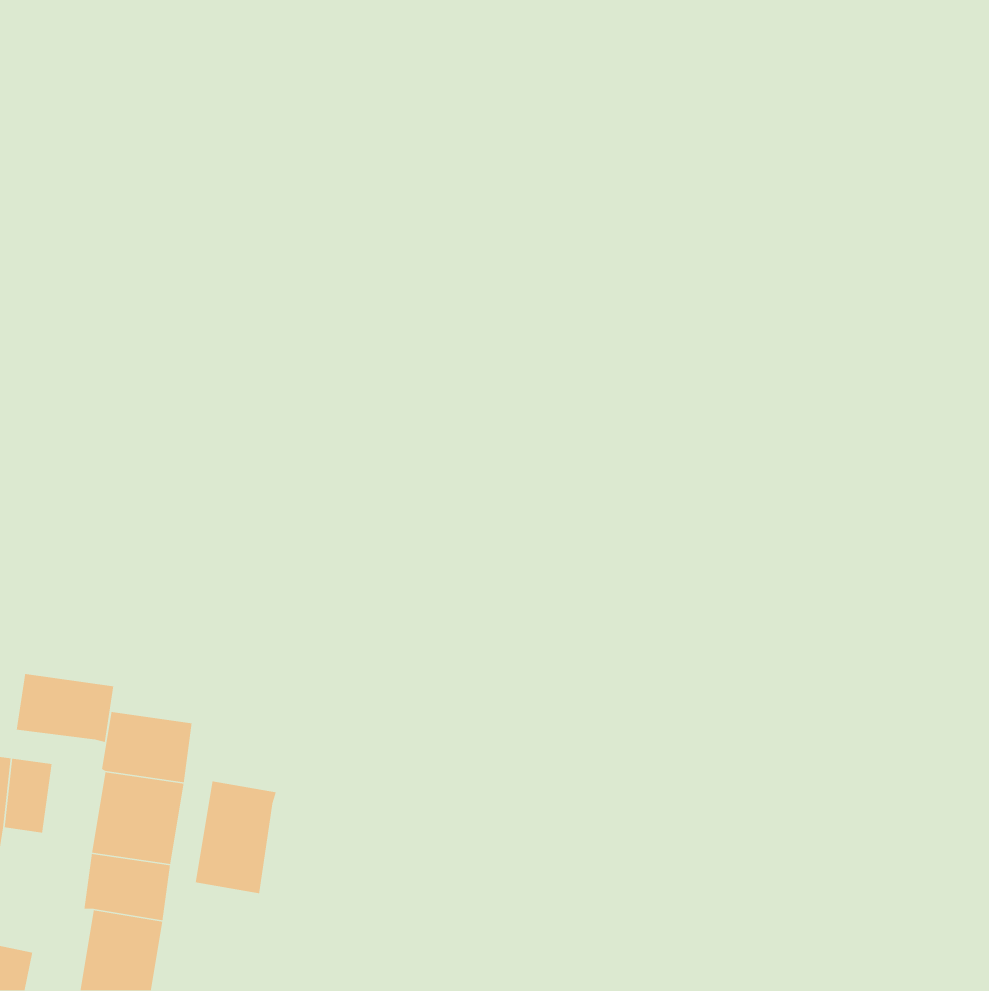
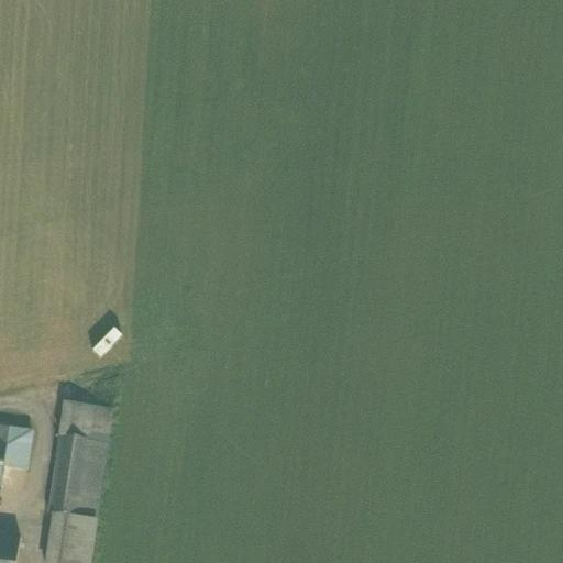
building: [16,673,114,743] -> none
building: [195,780,277,894] -> none

